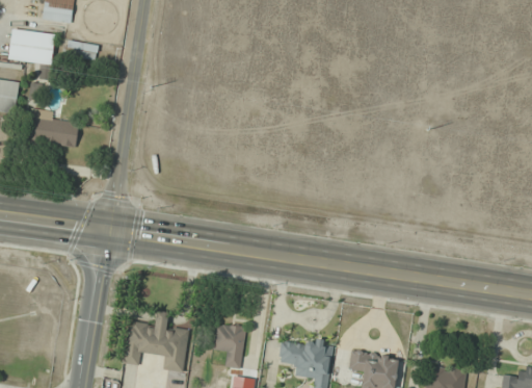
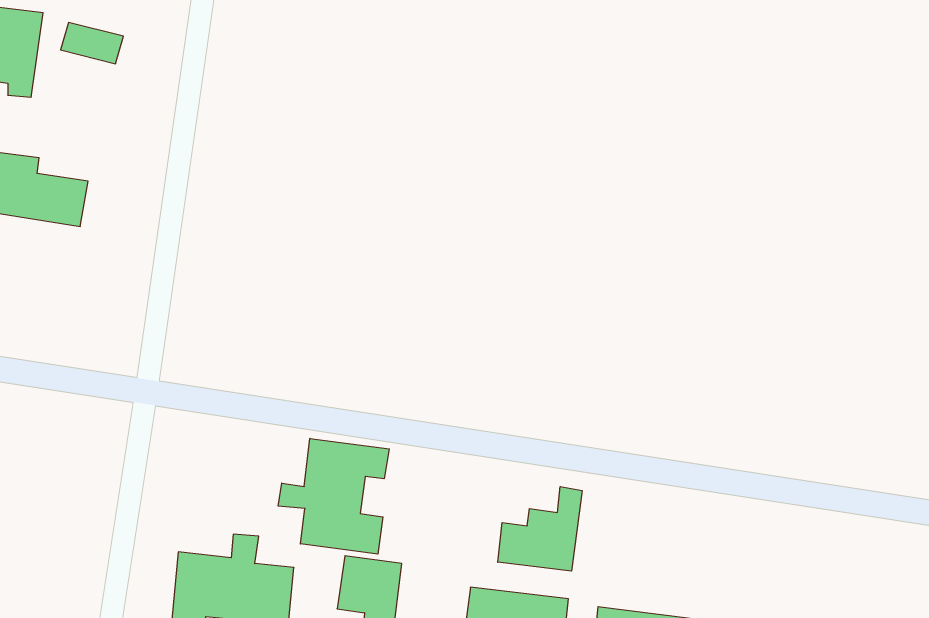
building: none -> [278,438,389,554]
building: none -> [498,487,582,571]

